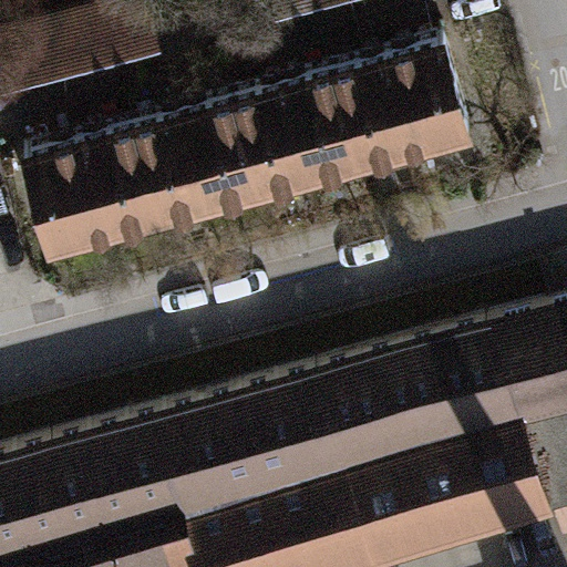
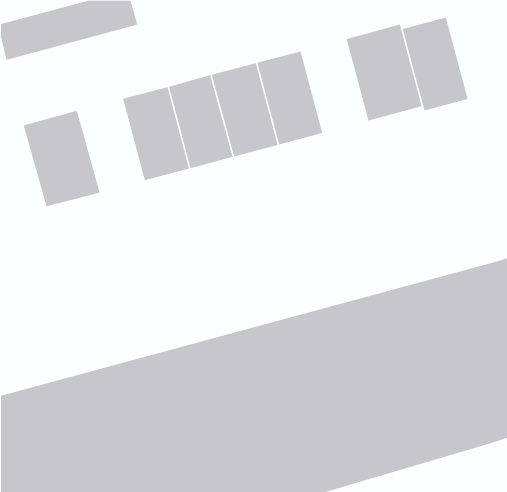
building: [337,61,411,166] -> [402,17,469,111]
building: [87,127,162,233] -> none

